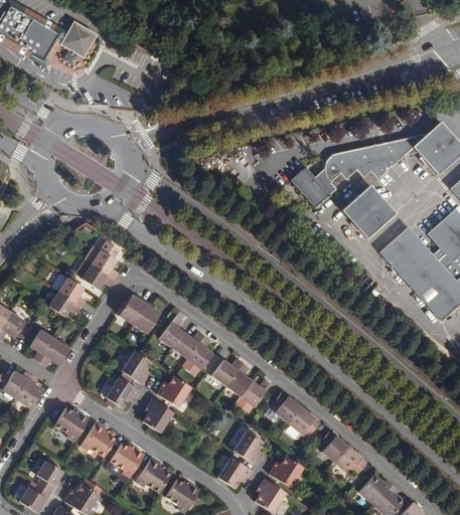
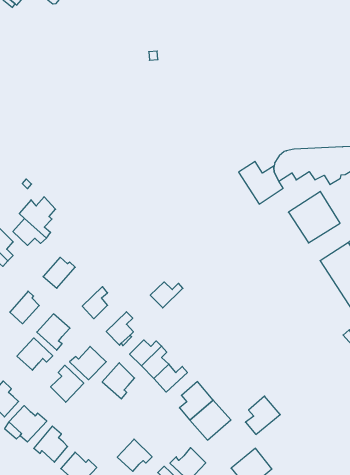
building: [133,301,160,333] -> [10,291,39,324]
building: [173,331,203,357] -> [150,282,183,308]
building: [234,428,264,463] -> [102,363,135,399]
building: [317,430,349,468] -> [245,396,280,434]

